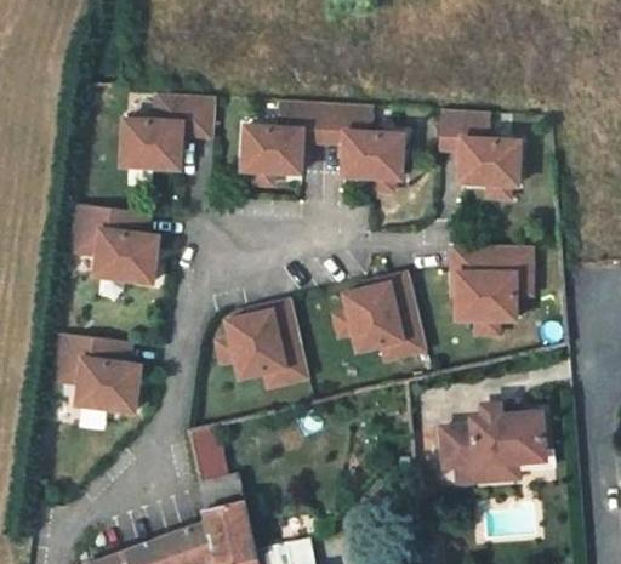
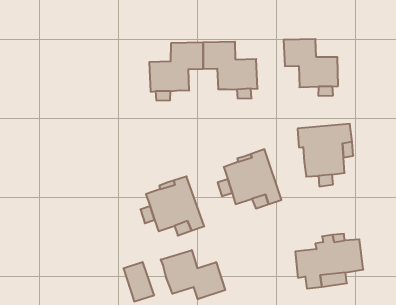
building: [121,97,213,171] -> none
building: [65,207,154,286] -> none
building: [46,337,135,416] -> none
building: none -> [161,250,225,299]

